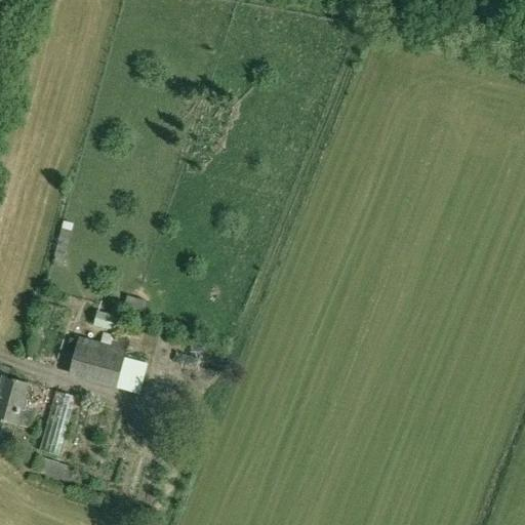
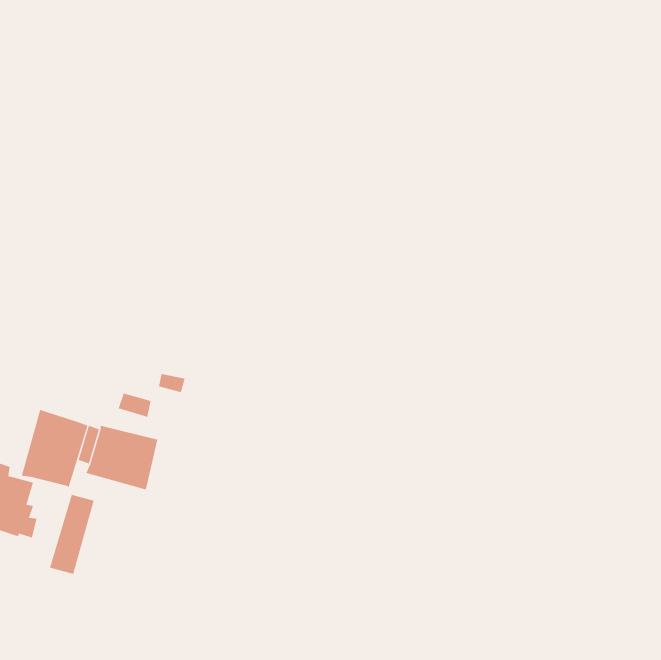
building: none -> [21,409,88,488]
building: [116,357,146,393] -> none

